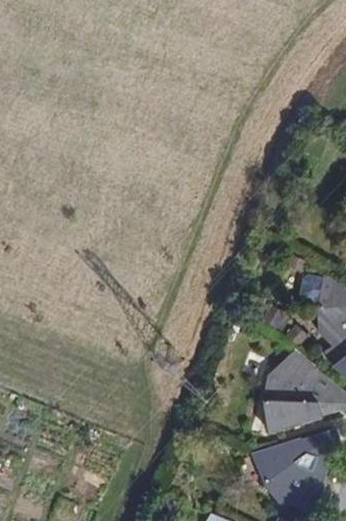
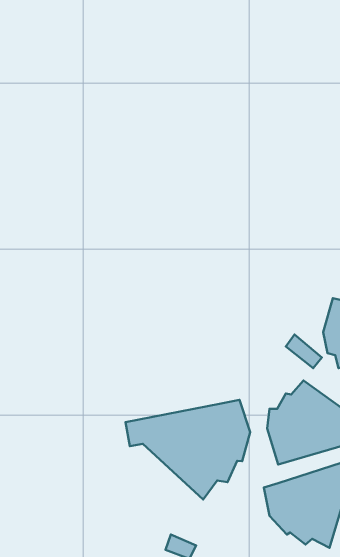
building: none -> [126,400,250,500]

